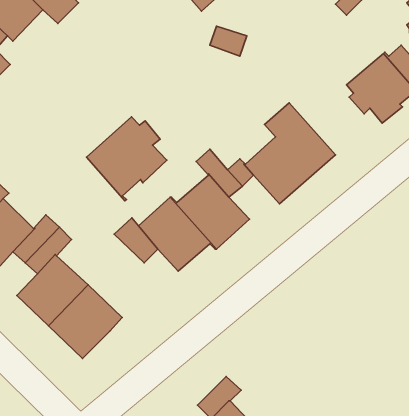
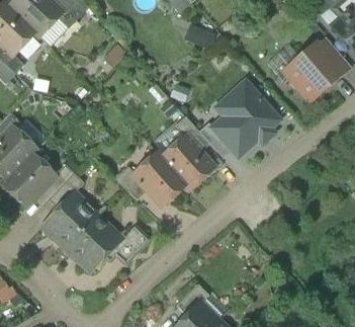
building: [86,117,167,201] -> none
building: none -> [112,226,148,262]

